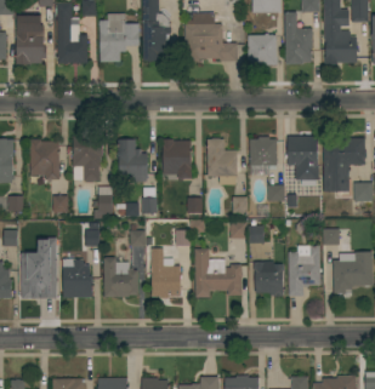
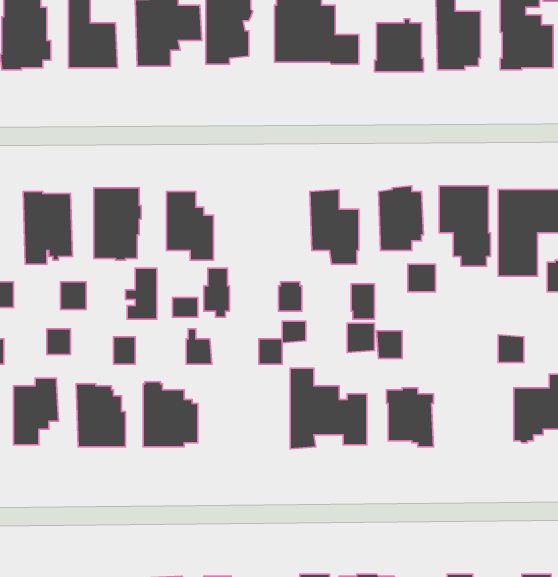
building: [163,139,192,181] -> none
building: [288,245,320,296] -> none
building: [152,259,181,296] -> none

